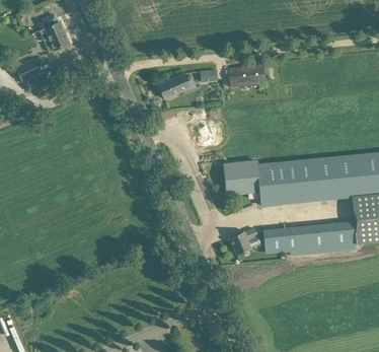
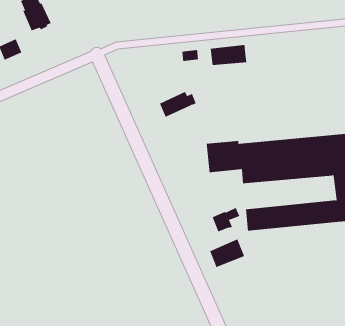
building: [158,73,196,99] -> [159,91,196,118]
building: none -> [209,238,245,268]

